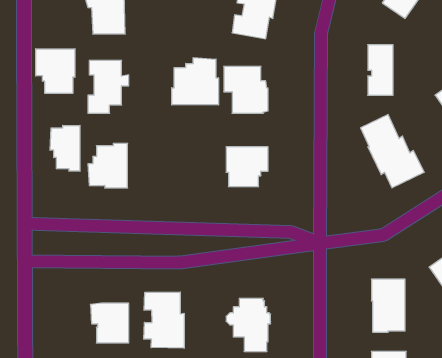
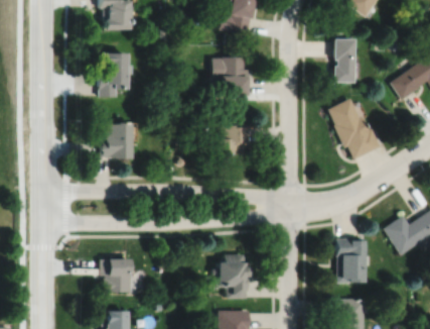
building: [36,49,75,93] -> none
building: [172,58,218,105] -> none
building: [50,125,80,171] -> none
building: [144,292,184,348] -> none

